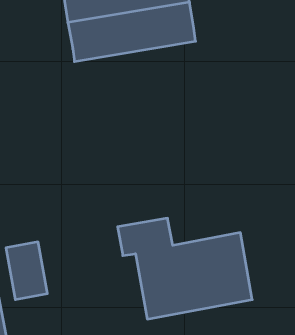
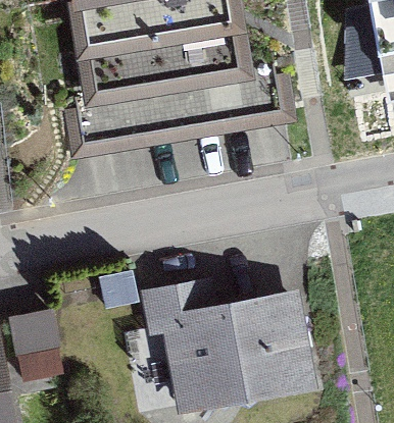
building: none -> [71,48,281,143]

